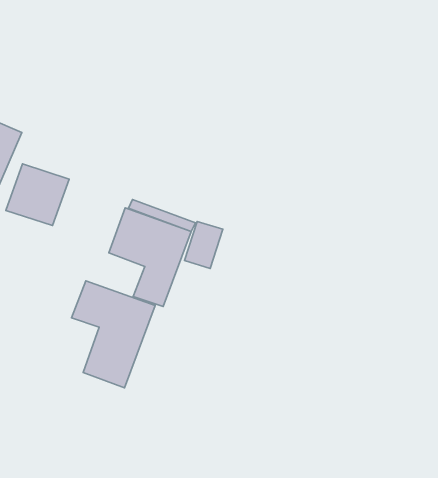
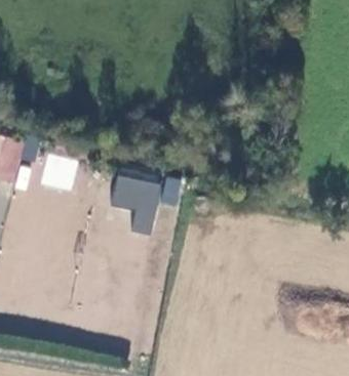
building: [71,281,155,388] -> none

